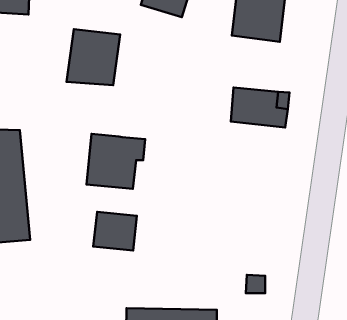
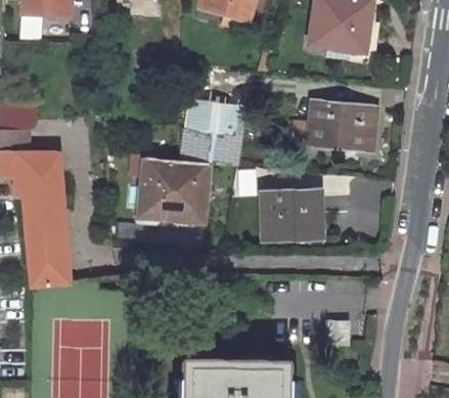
building: [67,29,120,85] -> [181,100,243,166]
building: none -> [260,194,314,238]
building: [93,212,137,250] -> none

